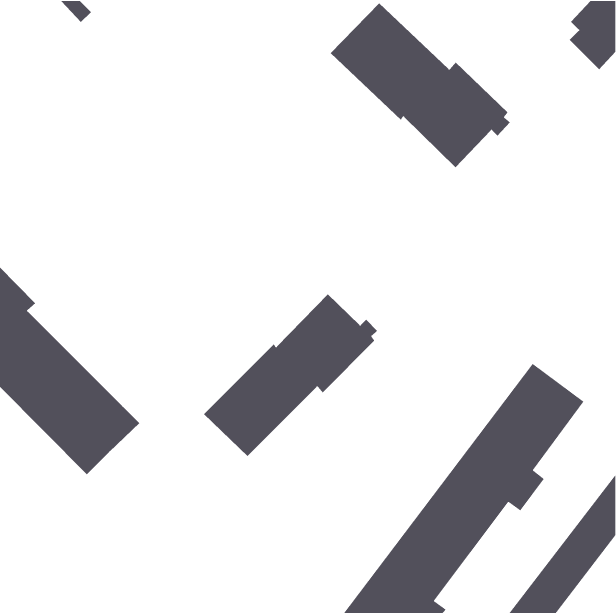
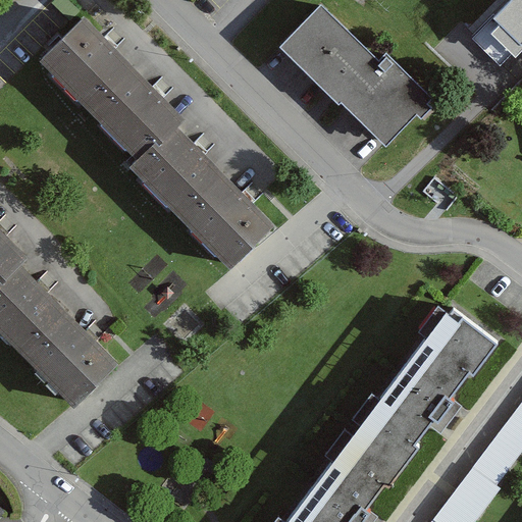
building: none -> [40,20,273,268]
building: [203,293,378,457] -> none

